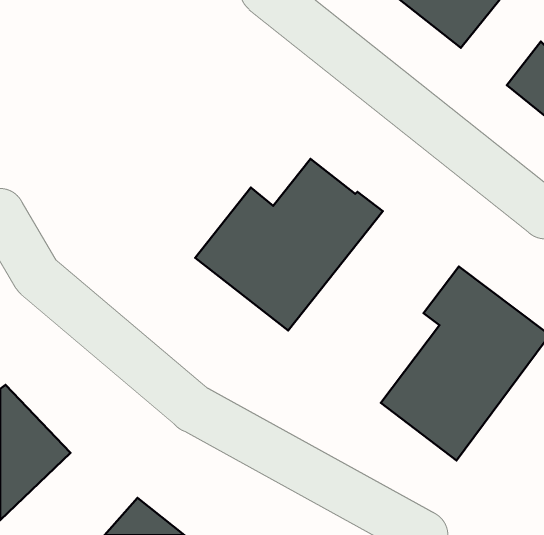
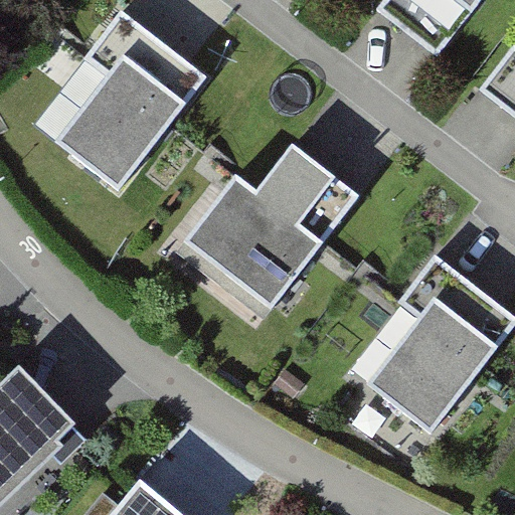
building: none -> [51,5,206,184]

